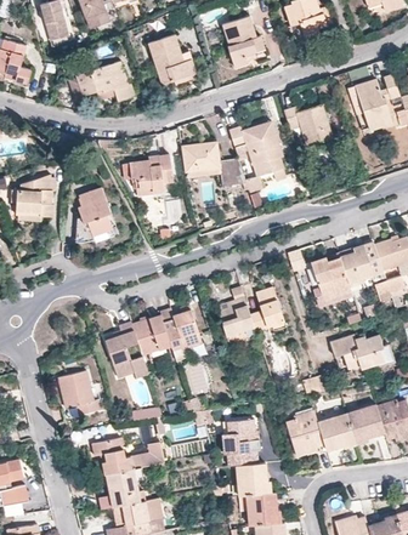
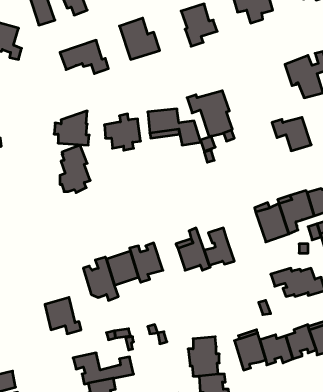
building: [284,106,332,146] -> [272,117,311,151]
building: [12,175,55,216] -> [54,111,89,145]

